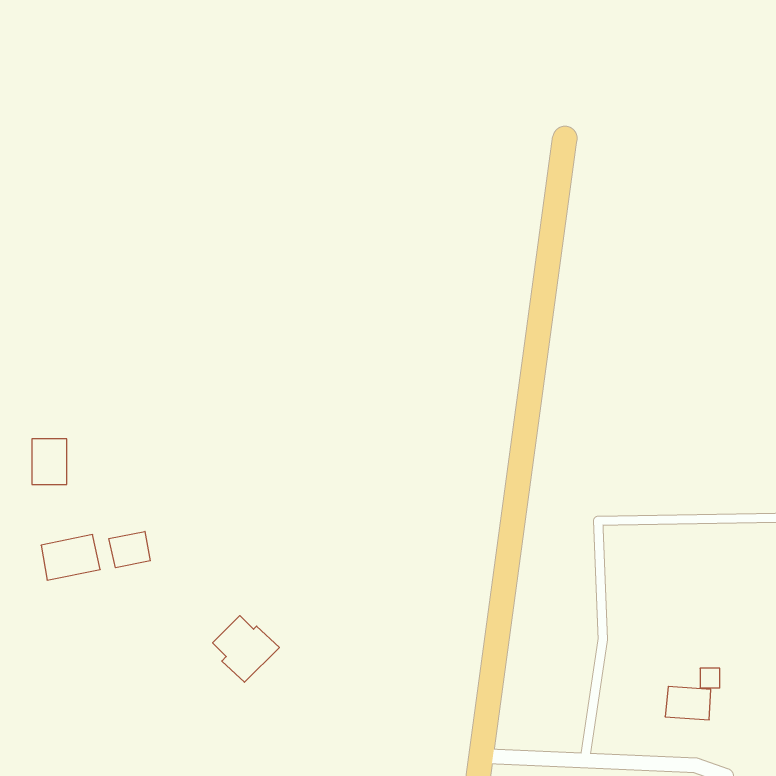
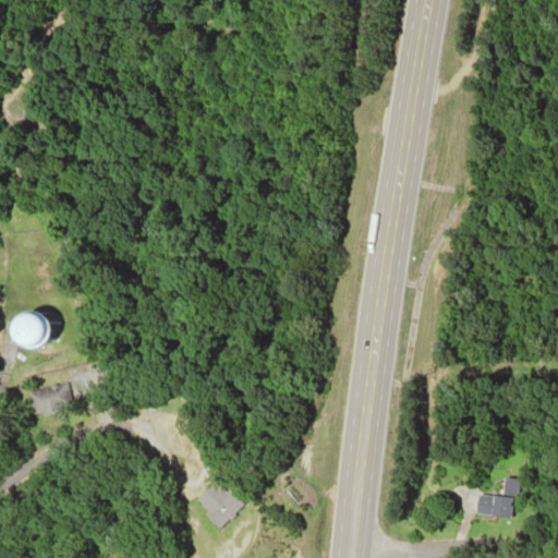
building: [109,531,150,568] -> none
building: [213,616,279,682] -> [197,481,245,529]

